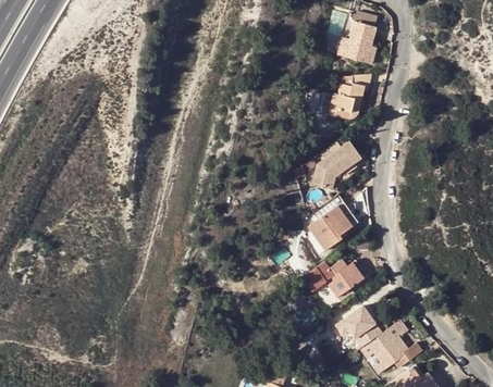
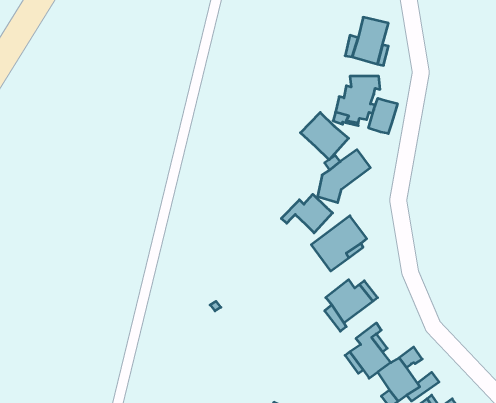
building: none -> [369,98,397,134]
building: none -> [300,112,349,160]
building: none -> [281,194,333,233]

